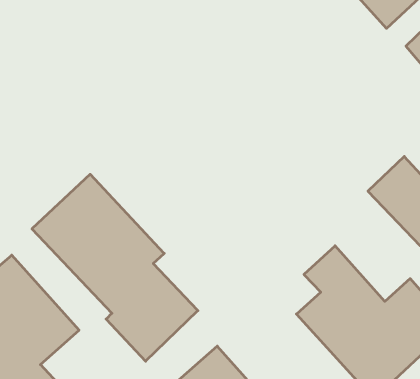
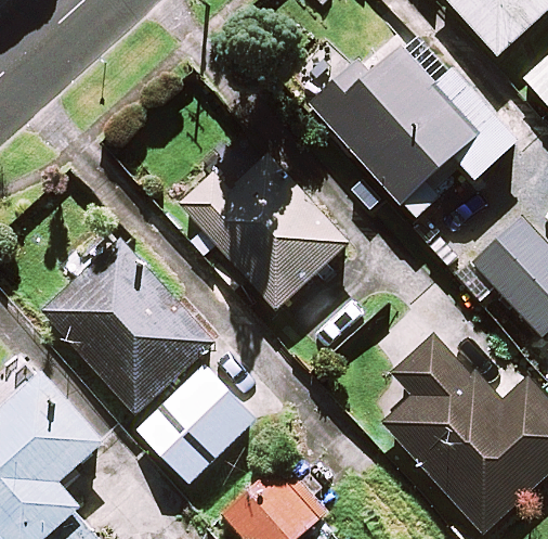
building: none -> [309,47,521,218]
building: none -> [174,134,347,309]

